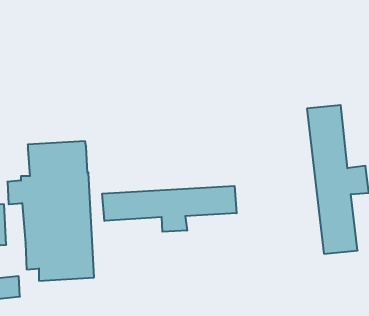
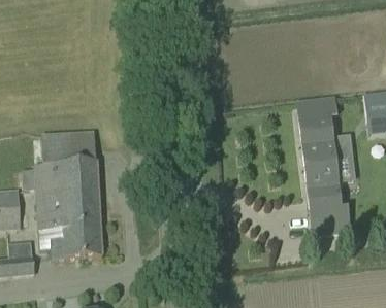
building: [102,186,237,232] -> none

